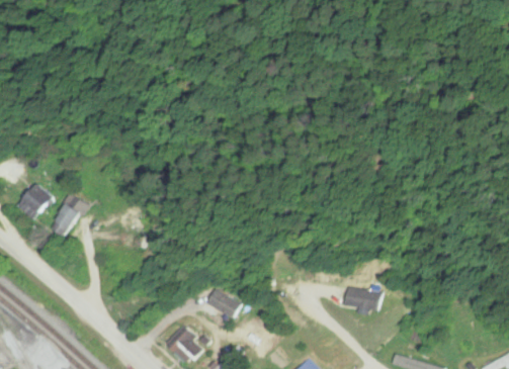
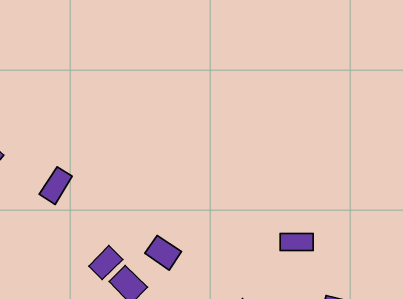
building: [52,193,87,234] -> [39,167,72,205]
building: none -> [89,246,123,280]

